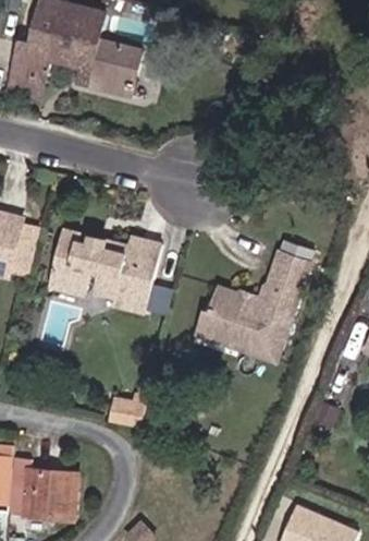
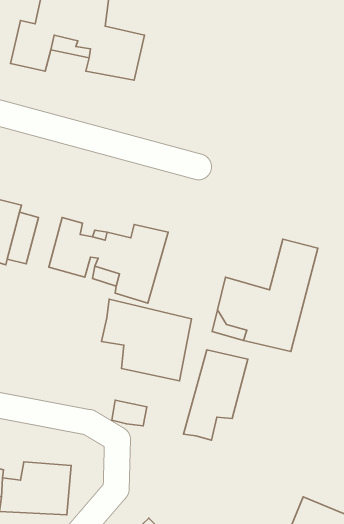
building: none -> [101,299,191,381]
building: none -> [183,350,248,440]

